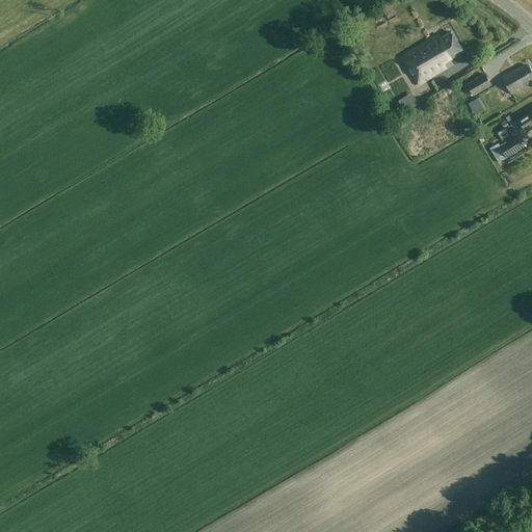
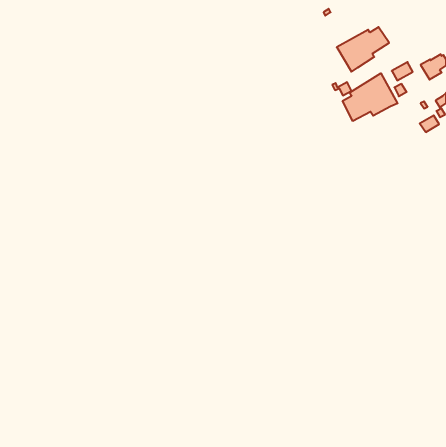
building: none -> [343,73,398,121]

